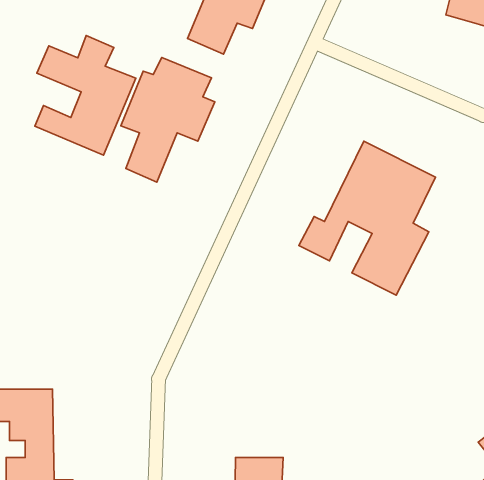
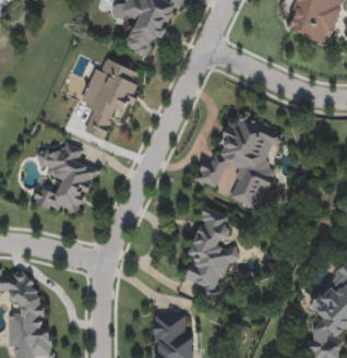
building: [35,35,136,155] -> [33,142,97,218]
building: none -> [187,207,234,300]

